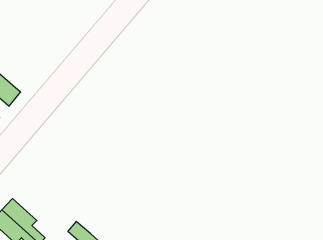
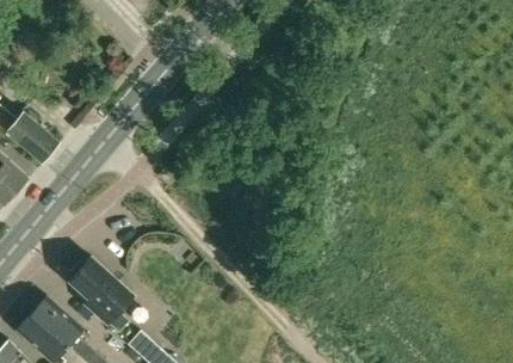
building: none -> [68,256,132,332]

